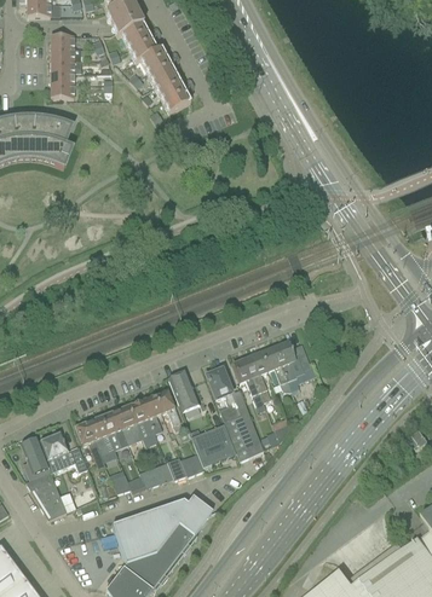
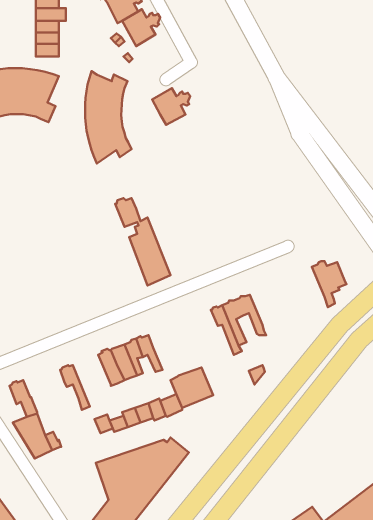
building: [155,75,195,114] -> [152,88,190,125]
building: none -> [85,71,132,163]
building: [275,342,311,390] -> [312,261,346,307]
building: [206,369,264,460] -> [115,198,171,286]
building: [169,370,201,411] -> none
building: [88,411,128,454] -> none
building: [41,433,87,471] -> none

